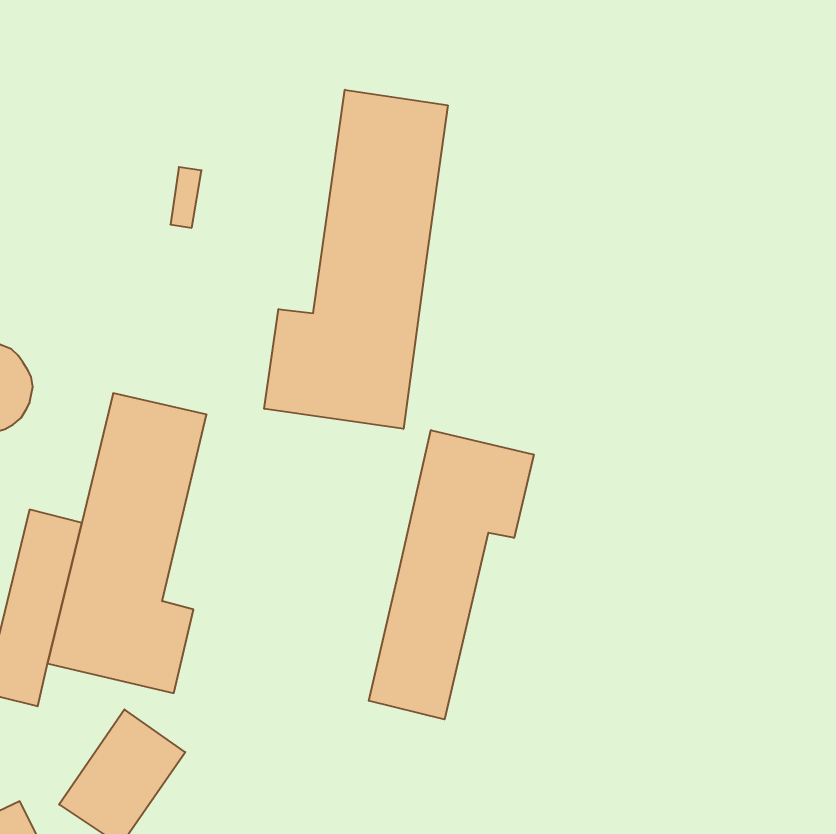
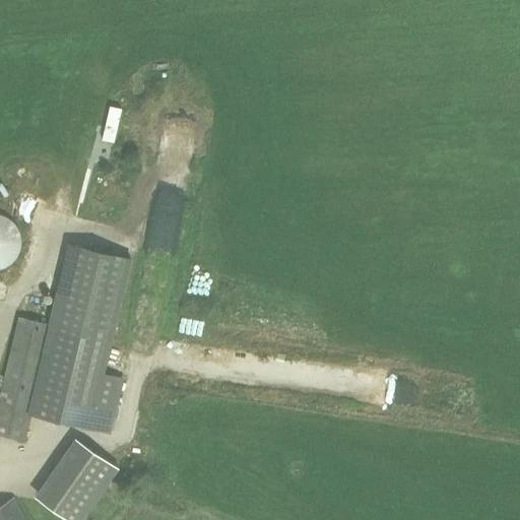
building: [264,90,448,429] -> none
building: [369,430,534,719] -> none

